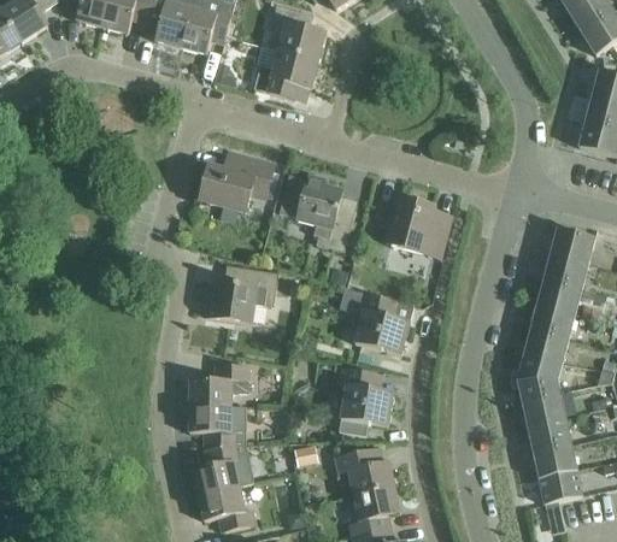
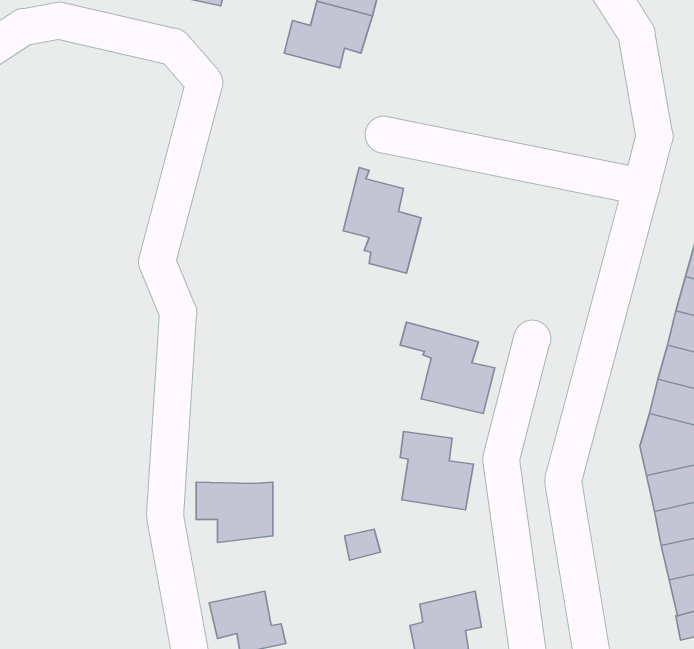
building: [200,154,274,211] -> none
building: [389,200,447,257] -> none
building: [204,265,277,323] -> none
building: [188,365,248,406] -> none
building: [192,444,252,494] -> none
building: [335,449,394,495] -> none

